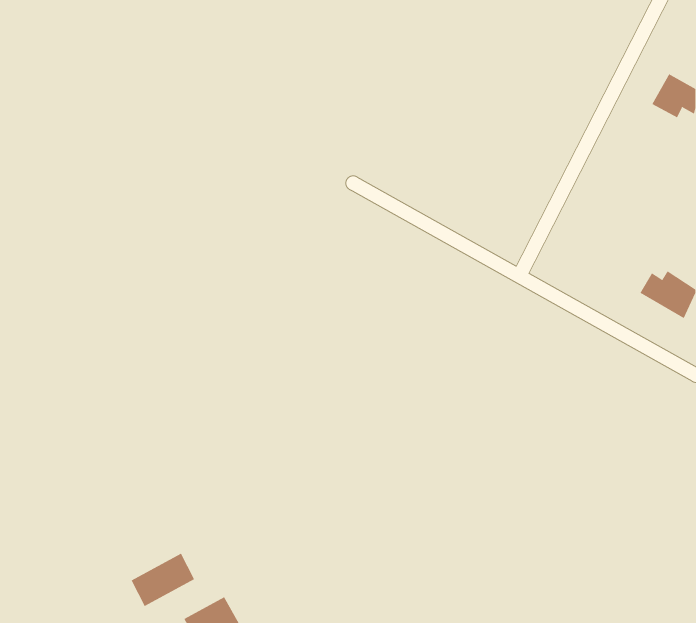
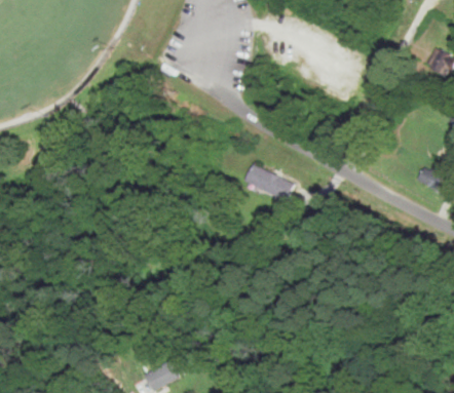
building: none -> [243,164,293,201]
building: [131,553,195,607] -> none

